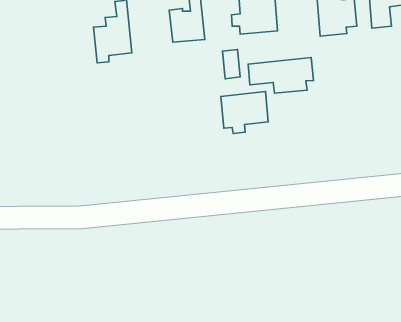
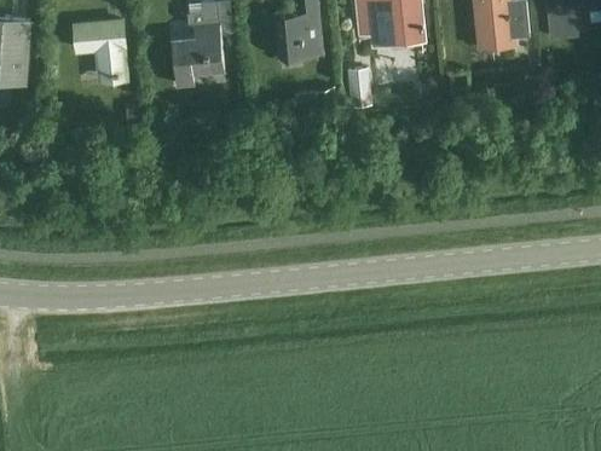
building: none -> [74,21,125,75]
building: [248,57,313,93] -> none
building: [221,92,268,133] -> none

